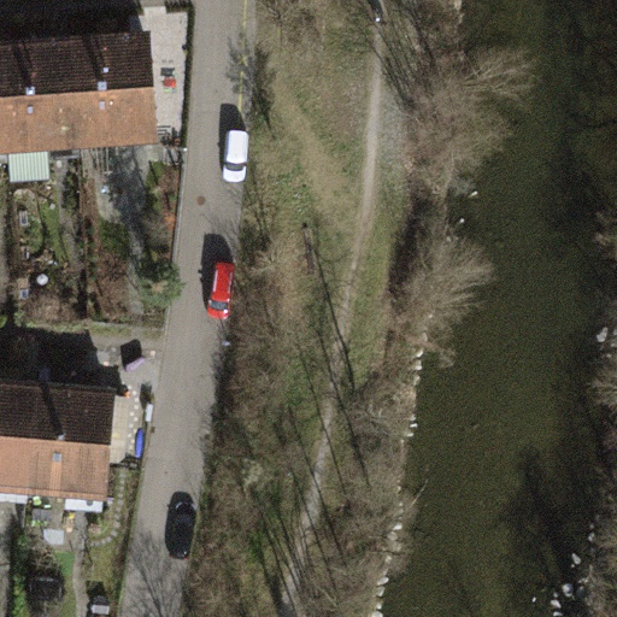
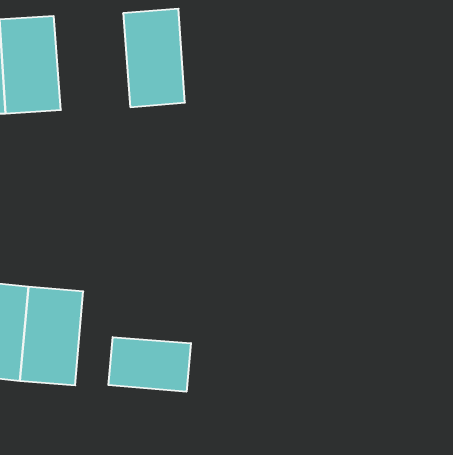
building: [72,16,155,148] -> [123,9,185,107]
building: none -> [108,337,191,392]

